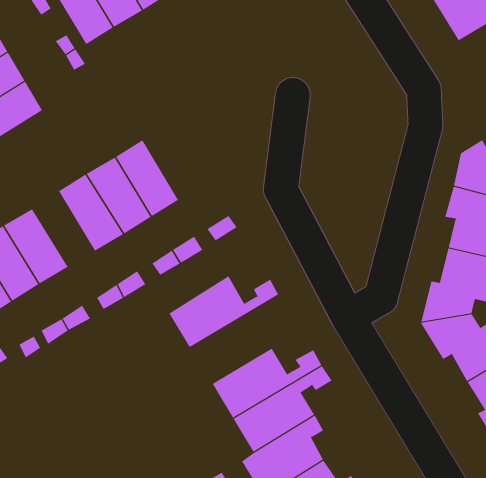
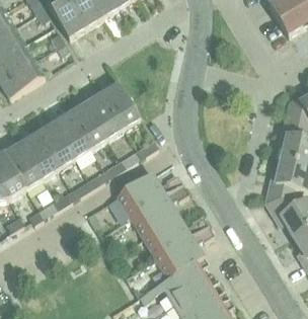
building: none -> [102,83,141,129]
building: none -> [37,124,74,168]
building: none -> [130,184,188,237]

